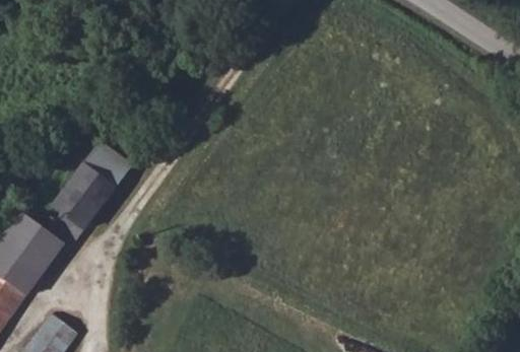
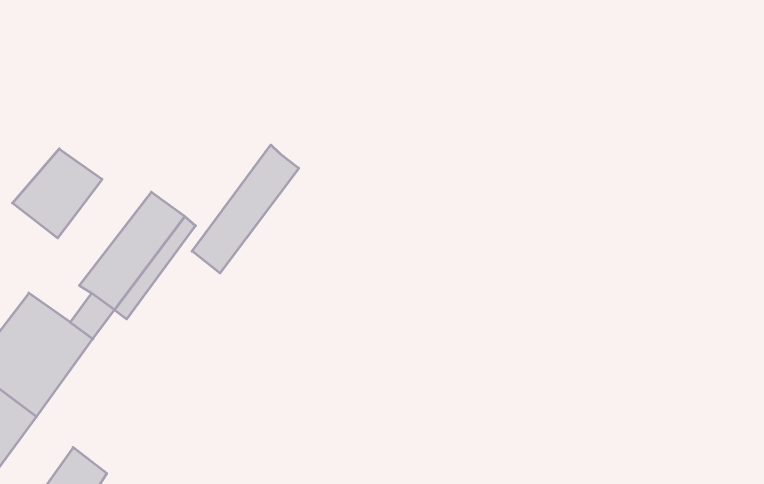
building: none -> [192,145,299,273]
building: none -> [12,149,102,238]

